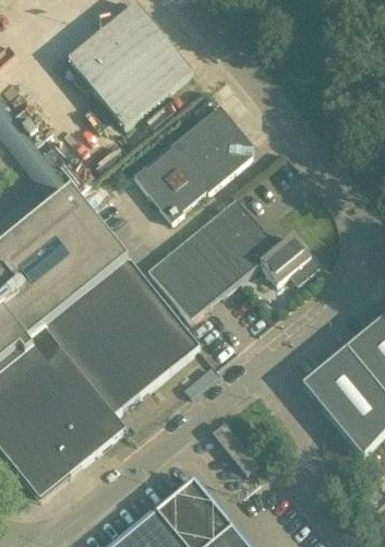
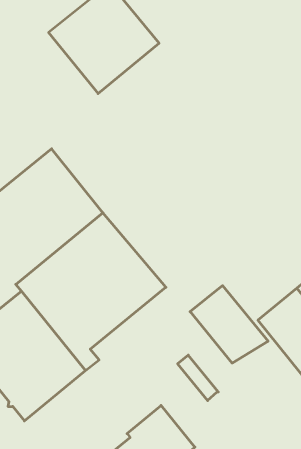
building: [133,103,252,219] -> none
building: [146,195,317,319] -> none
building: none -> [190,286,268,363]

